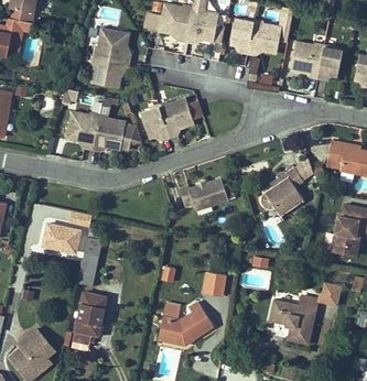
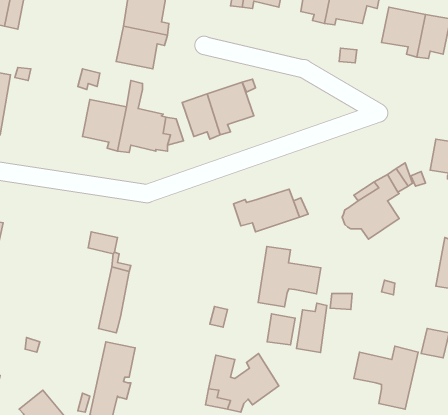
building: none -> [258,247,321,307]
building: [42,224,79,253] -> none
building: none -> [297,303,327,353]

